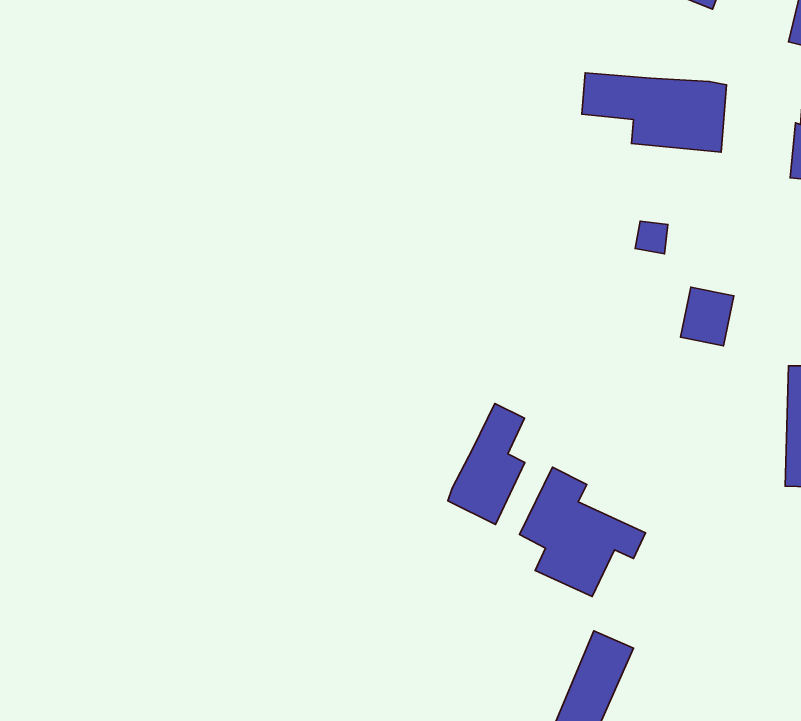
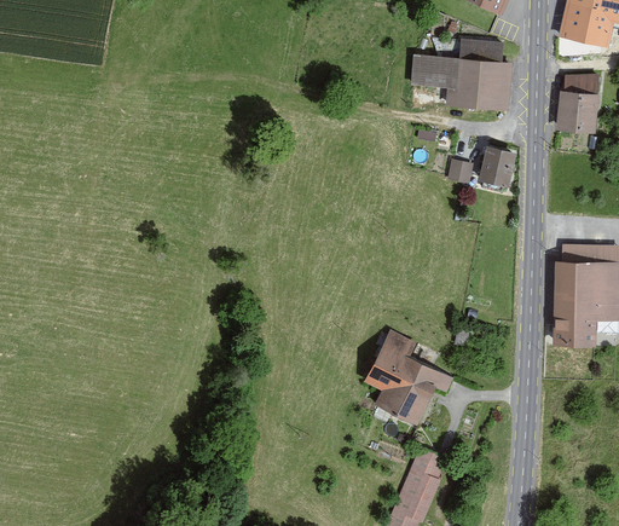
building: none -> [459,39,502,62]
building: [680,287,734,346] -> [480,145,517,186]
building: [448,404,525,525] -> none

